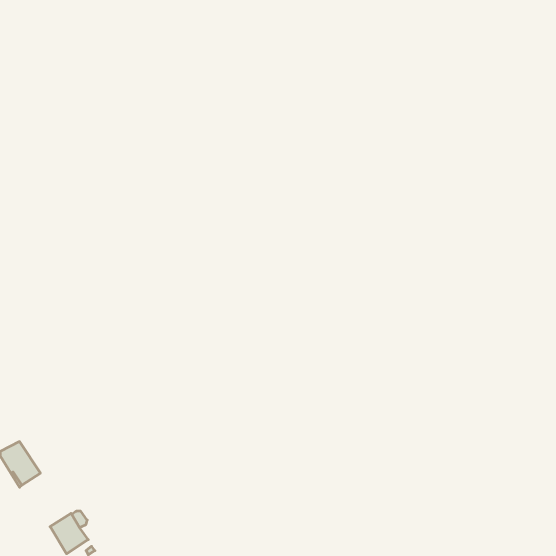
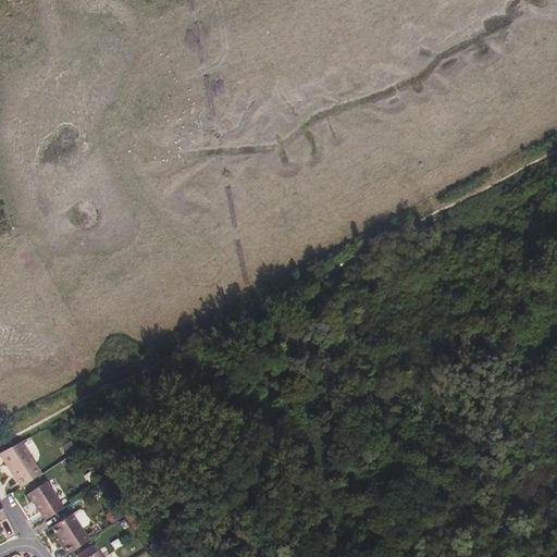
building: none -> [28,482,63,519]

